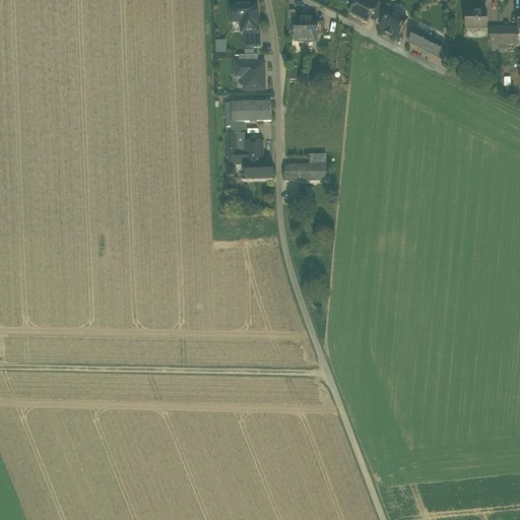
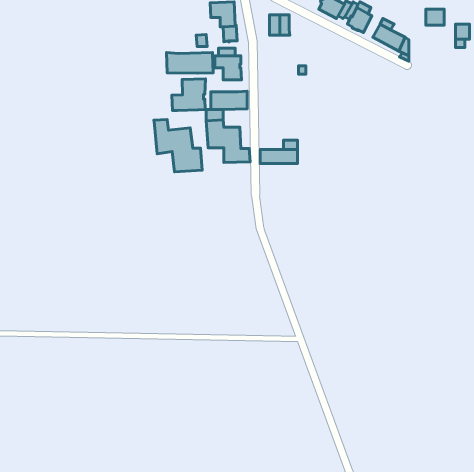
building: none -> [167,53,213,73]
building: none -> [172,79,205,110]
building: none -> [154,119,202,172]

